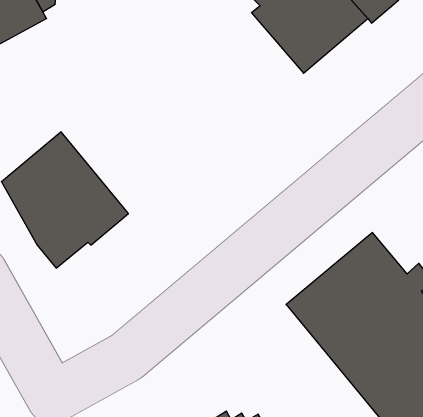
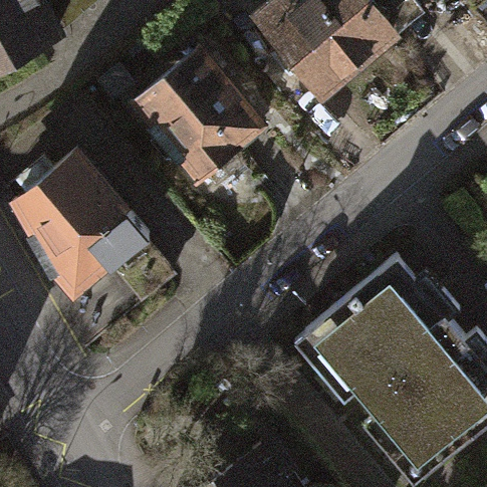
building: none -> [135,54,261,183]

